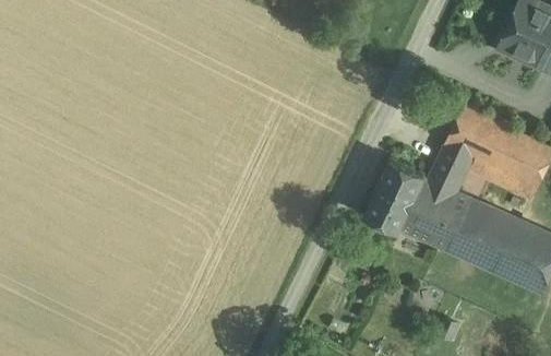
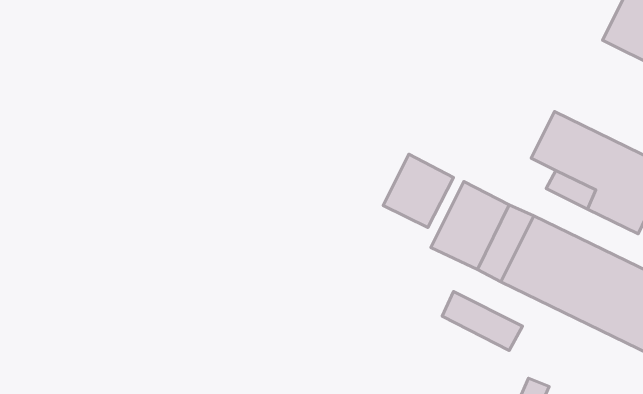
building: none -> [383,154,453,227]
building: [428,141,465,187] -> none
building: none -> [442,292,523,351]

